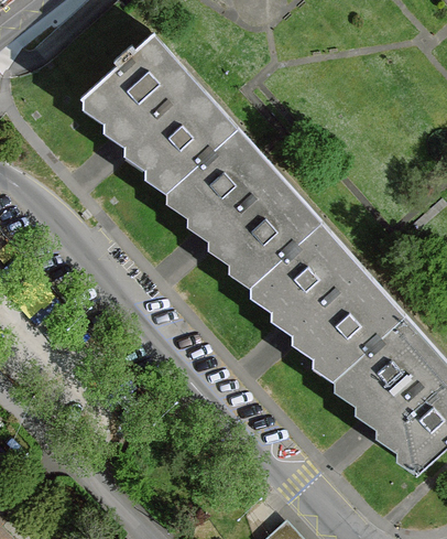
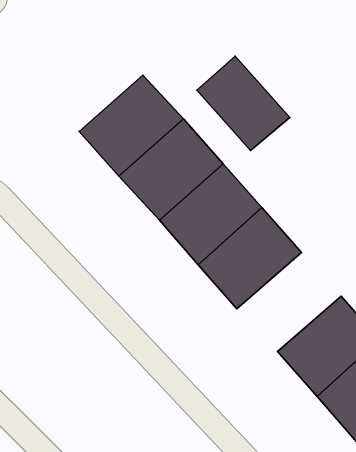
building: [85,37,194,144] -> none
building: none -> [197,56,290,151]
building: [293,272,403,377] -> none

